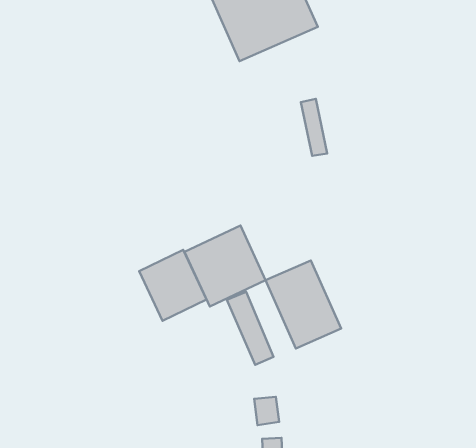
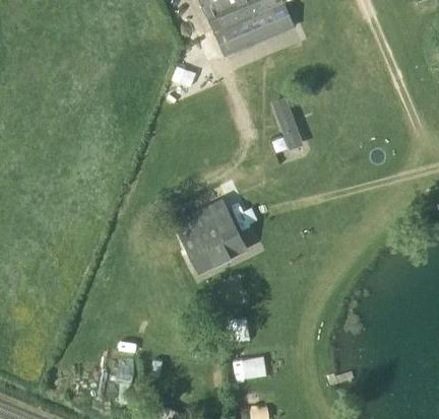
building: [139,250,207,321] -> none
building: [266,260,341,348] -> none

